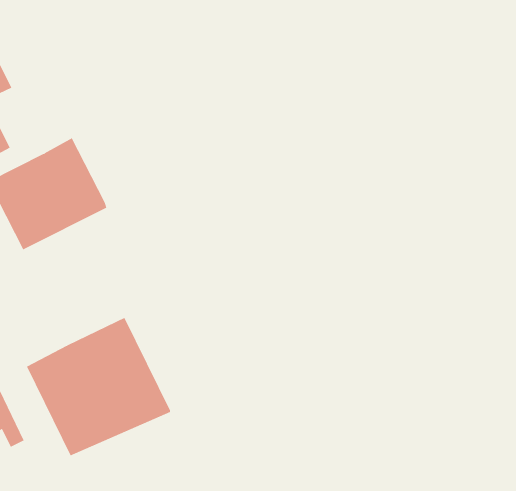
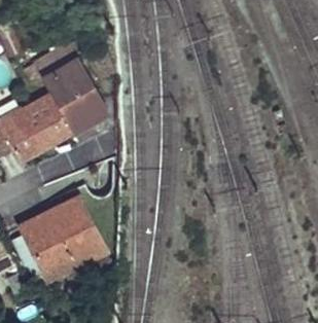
building: none -> [28,41,103,128]

